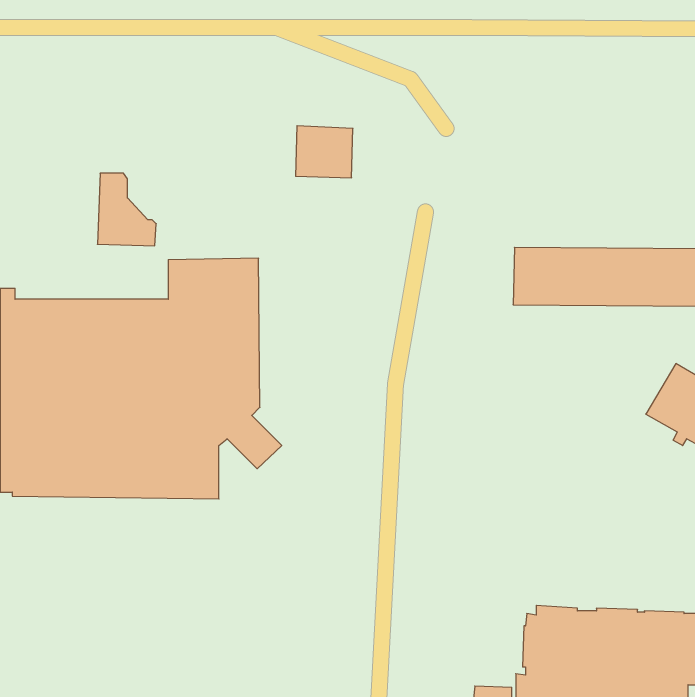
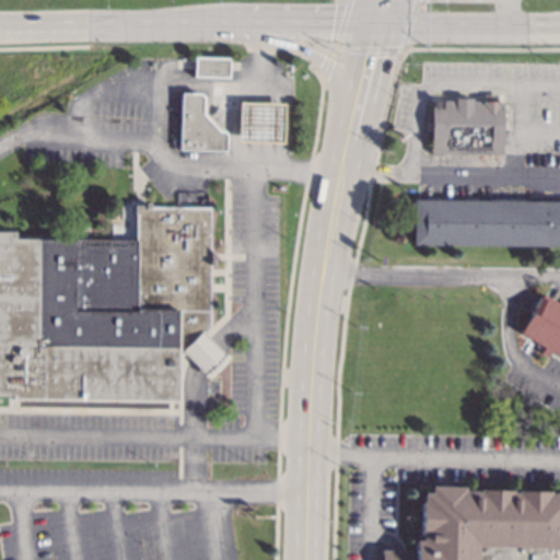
building: none -> [196,58,230,78]
building: none -> [432,97,504,155]
building: [97,173,156,246] -> [180,93,228,151]

